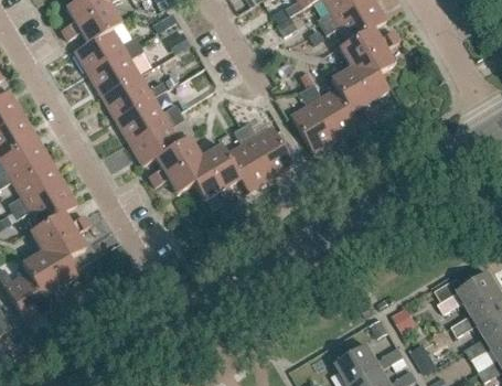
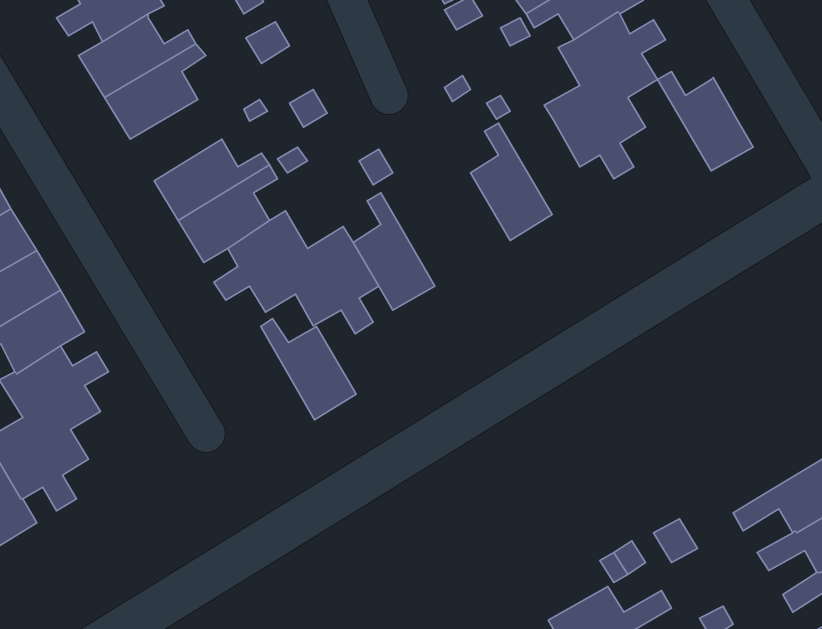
building: [102,74,165,119] -> none
building: [306,83,359,138] -> [658,72,753,171]
building: [241,121,293,178] -> [261,318,356,420]

